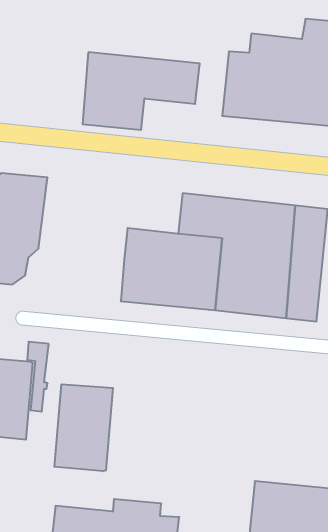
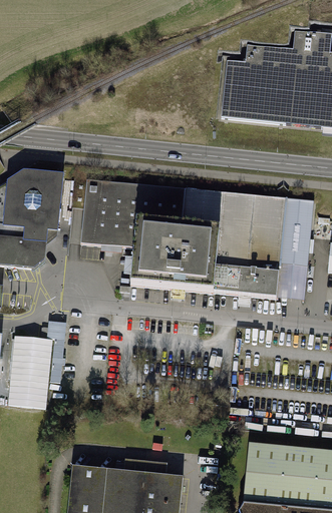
building: [83,52,200,130] -> [81,177,186,246]
building: [54,384,113,471] -> none

